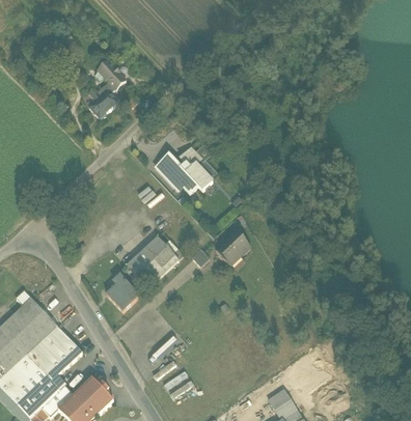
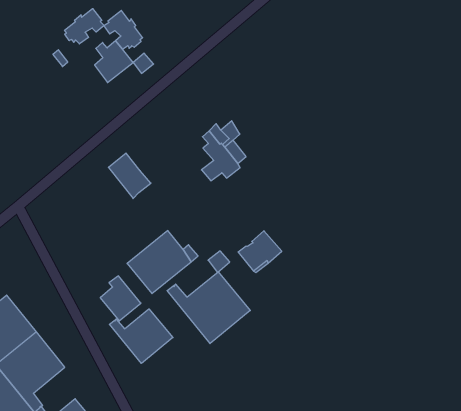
building: none -> [65,9,104,44]
building: [155,152,190,189] -> [108,153,151,199]
building: none -> [167,272,250,344]
building: none -> [109,309,173,363]

